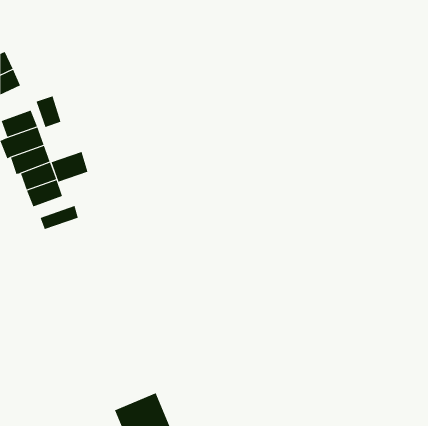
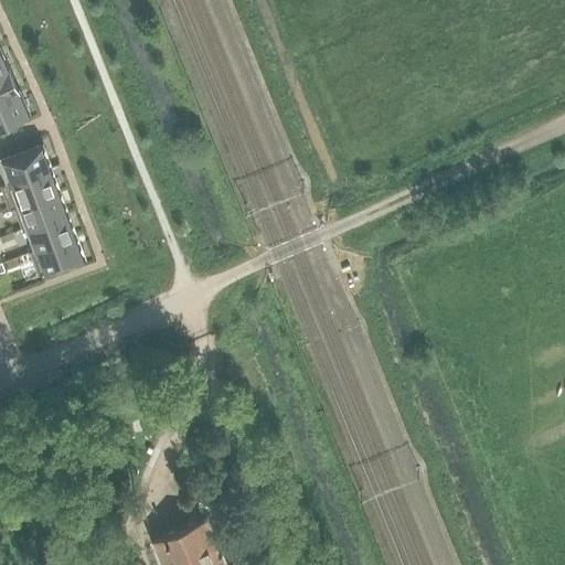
building: [36,95,61,128] -> none
building: [51,151,88,183] -> none
building: [40,205,78,230] -> none

